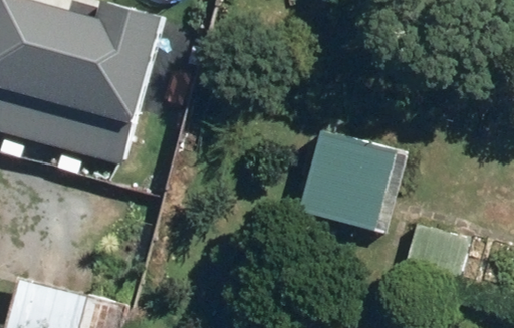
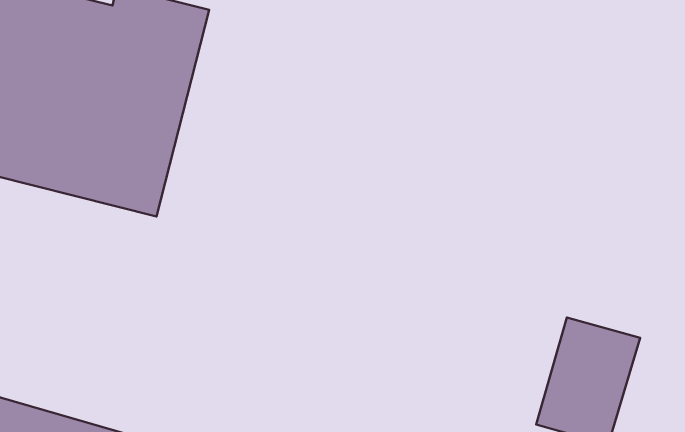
building: [296,132,395,232] -> none

